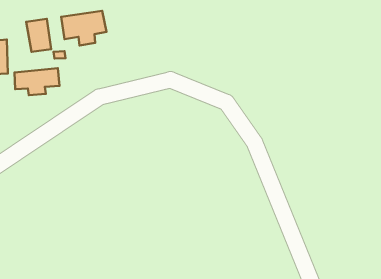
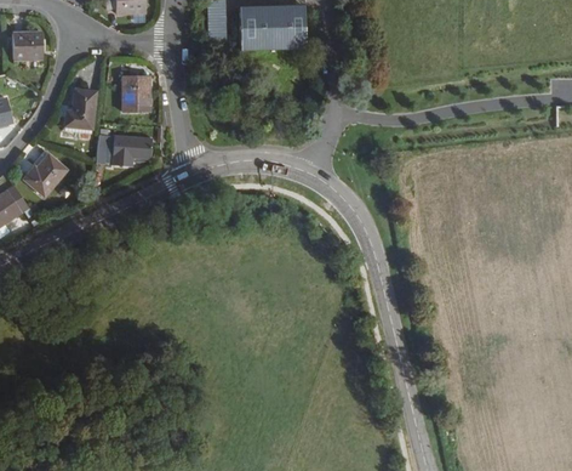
building: [61,11,106,46] -> none

